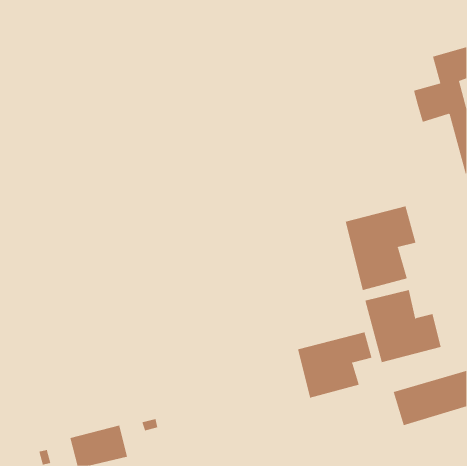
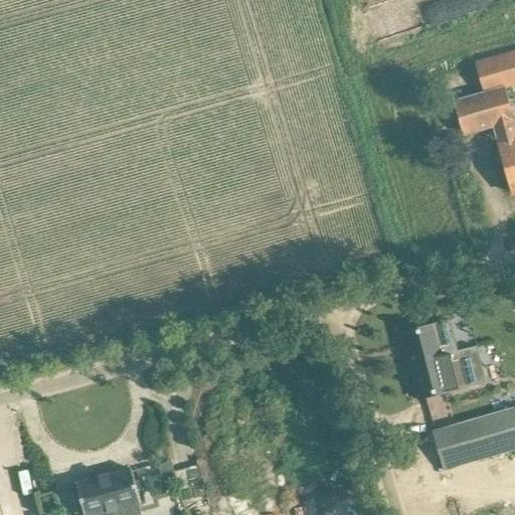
building: [345,206,416,291] -> none
building: [297,331,372,399] -> none

